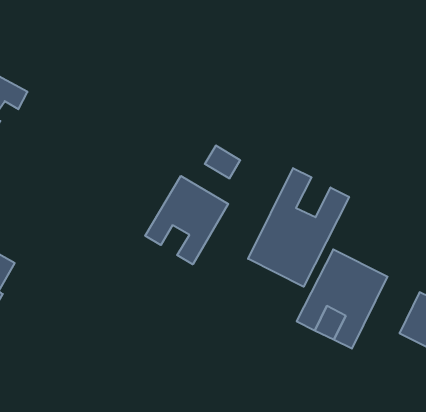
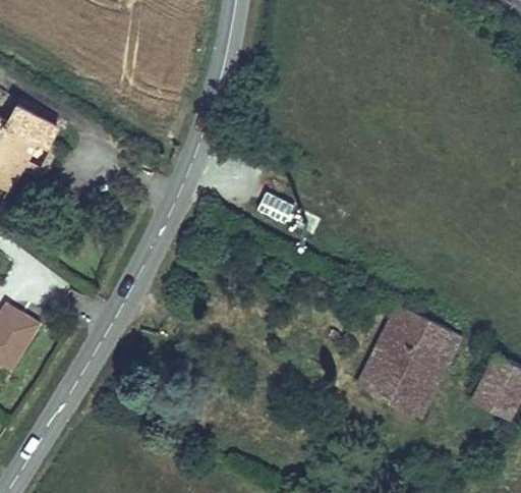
building: [248,168,349,287] -> none
building: [145,176,228,264] -> none

